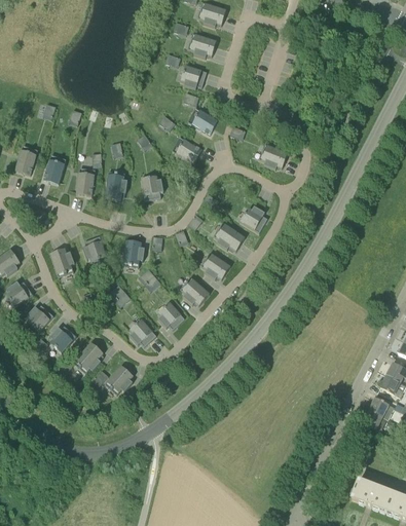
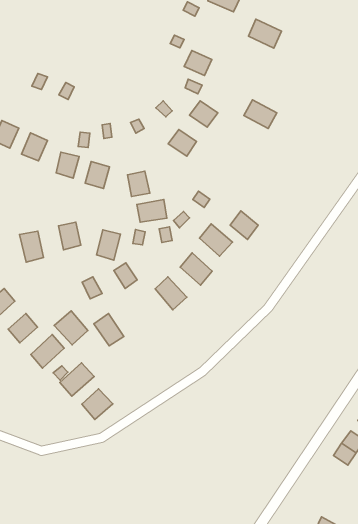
building: [187,32,217,57] -> [248,19,281,48]
building: [258,143,288,167] -> [244,100,277,129]
building: none -> [137,200,167,222]
building: [155,299,185,329] -> none
building: none -> [54,311,88,345]
building: none -> [82,389,113,419]

